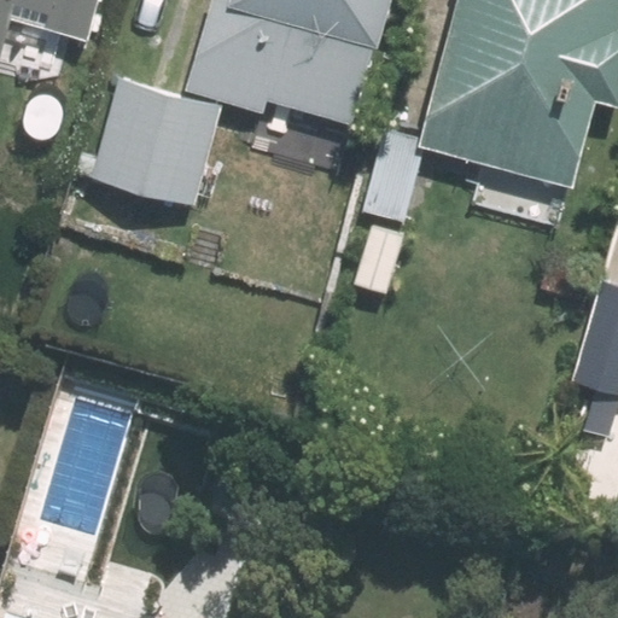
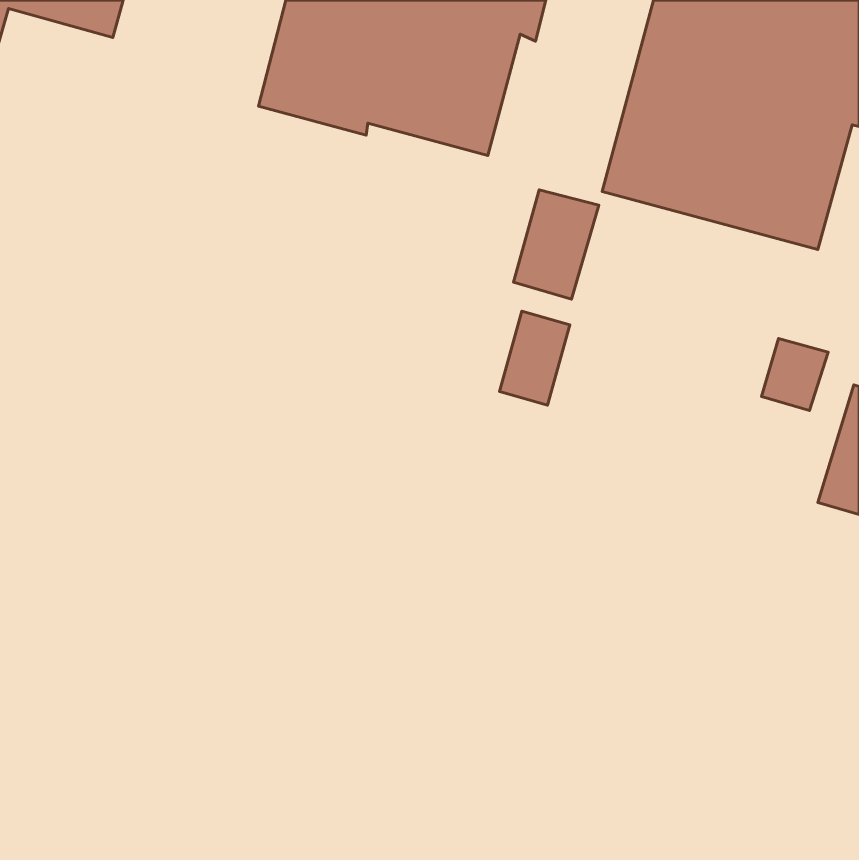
building: [94,78,220,203] -> none

